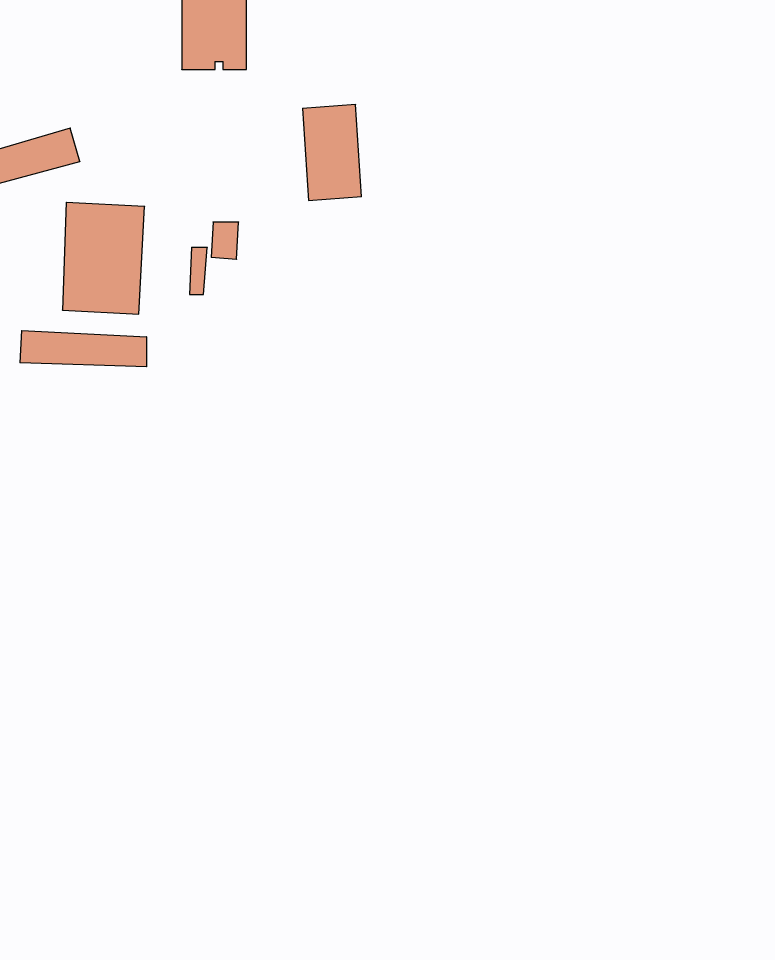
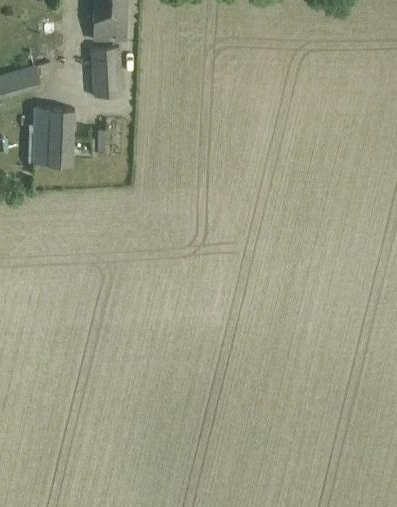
building: [303,105,361,200] -> [91,46,121,95]
building: [20,331,147,367] -> none

